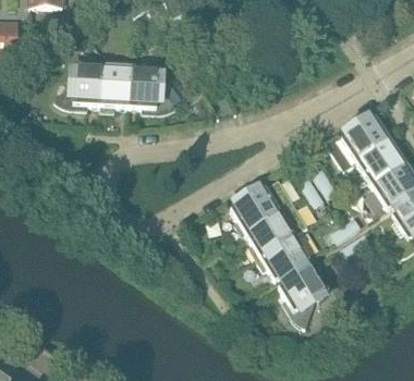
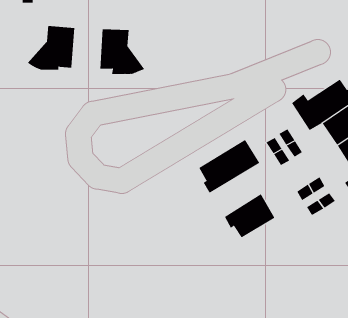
building: [100,63,131,109] -> none
building: [241,201,307,257] -> none
building: [278,265,328,325] -> none

